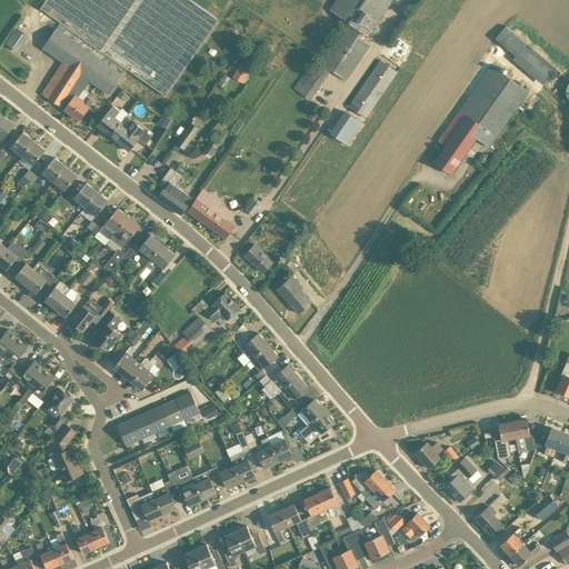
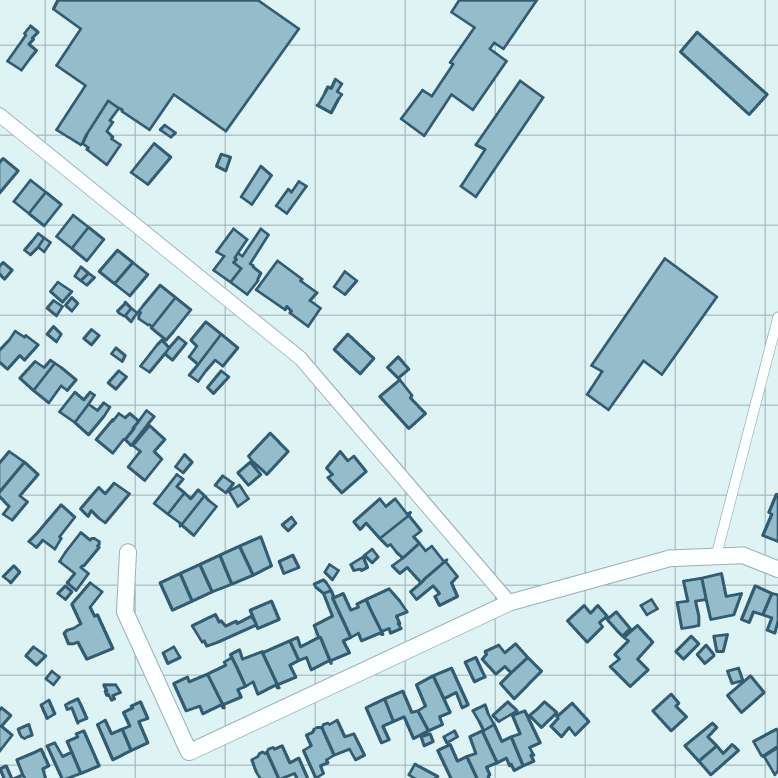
building: [433,64,528,174] -> [587,259,717,410]
building: [108,121,151,151] -> none
building: [190,293,239,325] -> none
building: [249,343,277,381] -> none
building: [9,361,44,390] -> [81,483,129,523]
building: none -> [192,615,256,646]

